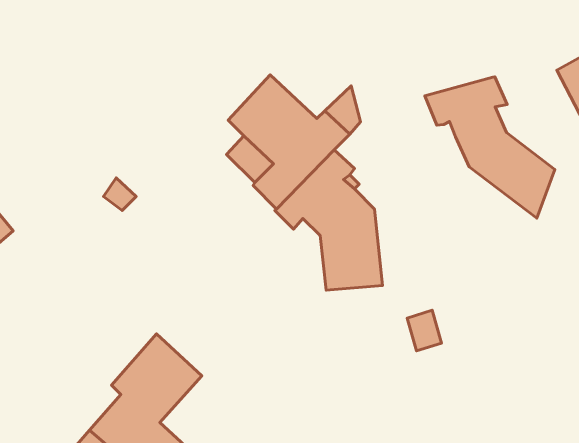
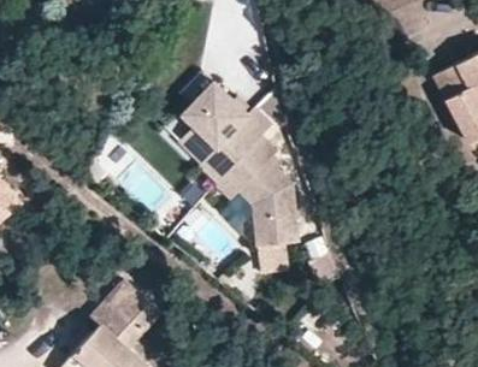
building: [425,77,555,218] -> none

